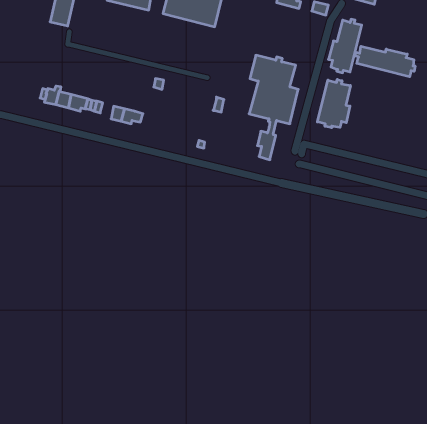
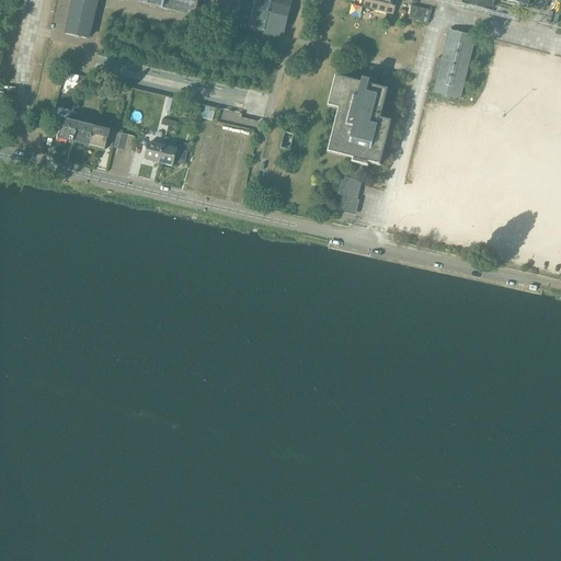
building: [355,46,415,77] -> none
building: [317,79,350,128] -> none

